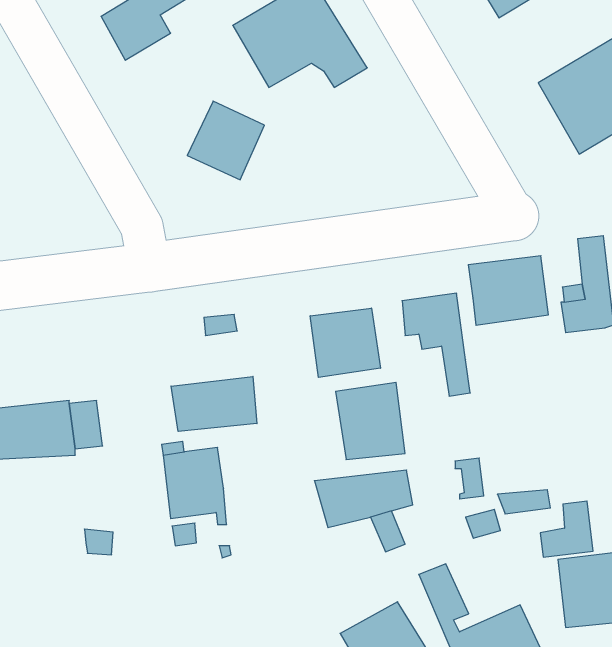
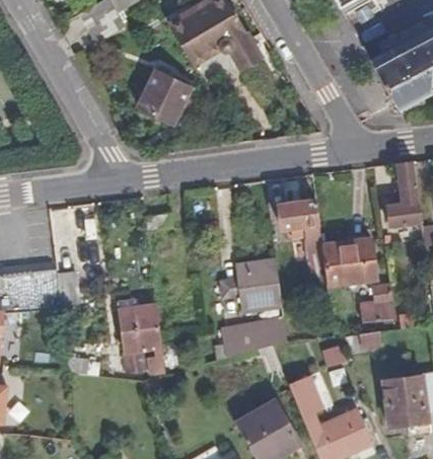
building: [468,256,548,325] -> [321,237,375,284]
building: [310,308,380,377] -> none
building: [171,376,257,431] -> none
building: [540,501,593,557] -> [358,284,393,321]

